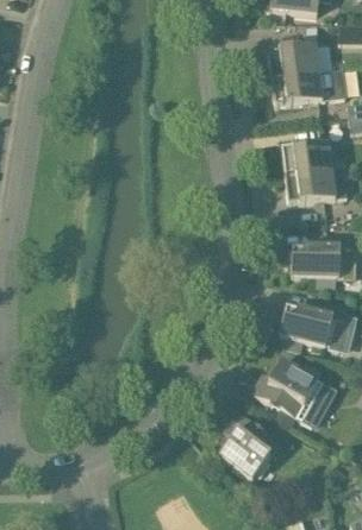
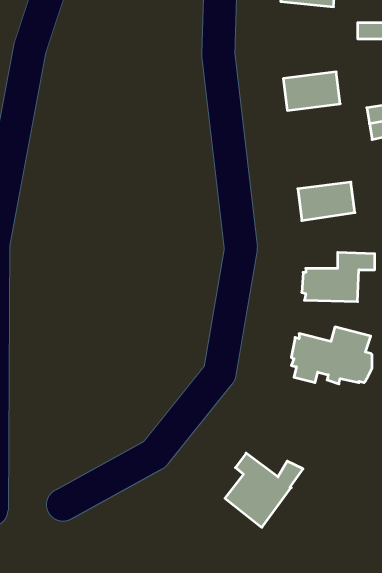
building: [267,42,318,76] -> none
building: [280,140,331,175] -> none
building: [251,358,332,425] -> none

